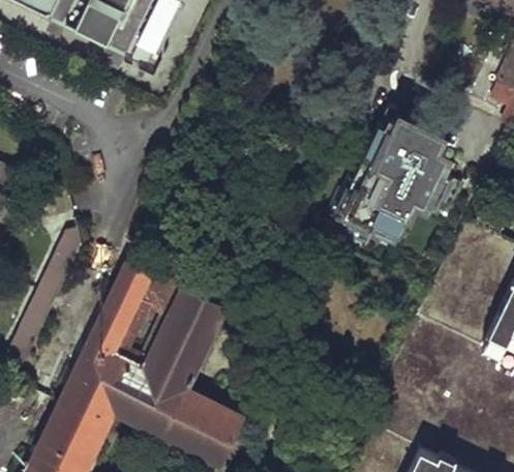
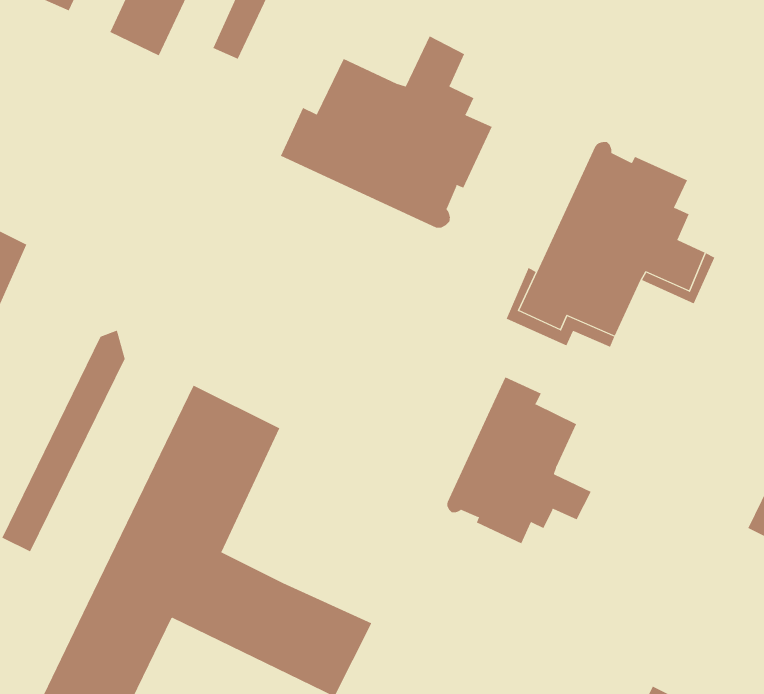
building: none -> [280,36,492,228]
building: none -> [447,376,592,544]
building: [147,289,225,388] -> none

